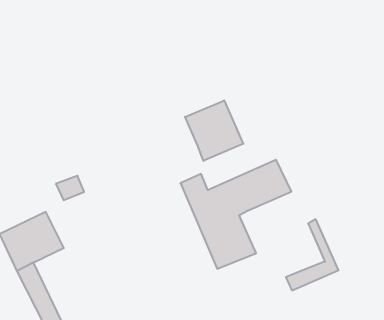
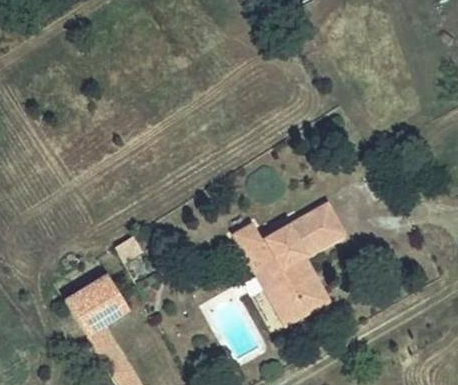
building: [185,100,243,161] -> none
building: [286,219,339,290] -> [279,254,329,325]

